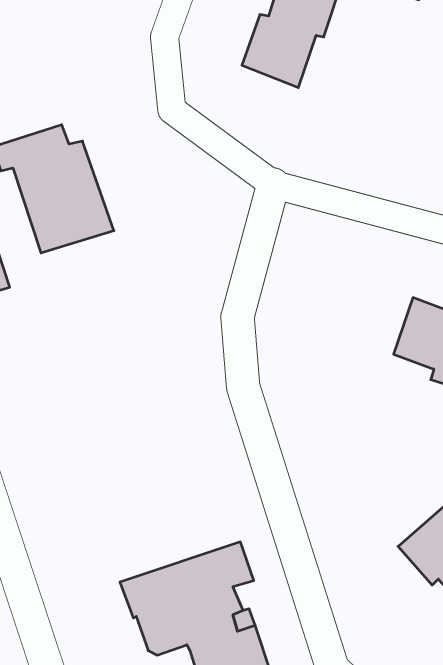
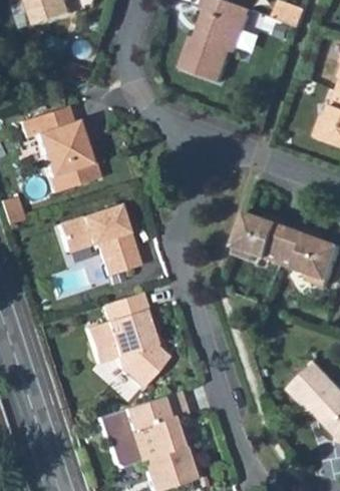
building: none -> [58,203,137,273]
building: none -> [236,212,299,263]
building: none -> [90,291,171,387]

